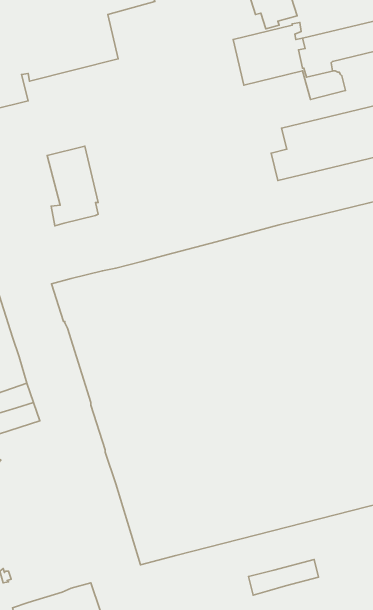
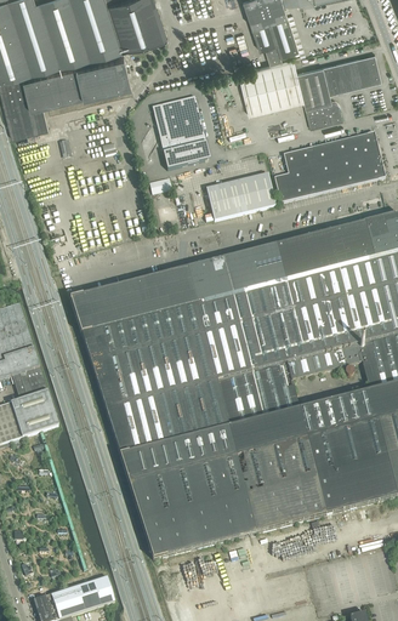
building: [47,146,98,226] -> [159,93,206,167]
building: none -> [205,170,274,218]
building: [248,559,318,595] -> none

